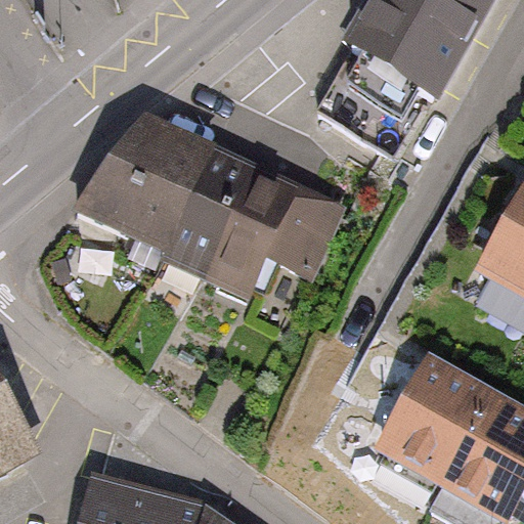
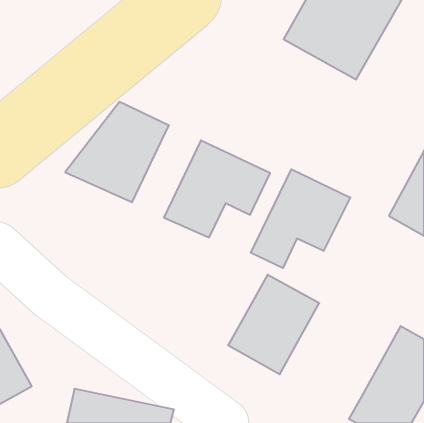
building: [162,154,246,266] -> none
building: none -> [251,169,350,268]
building: [379,364,490,486] -> [228,275,319,374]

